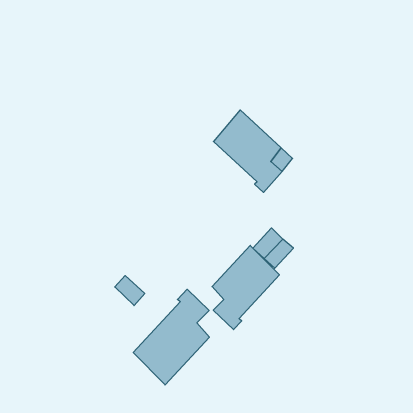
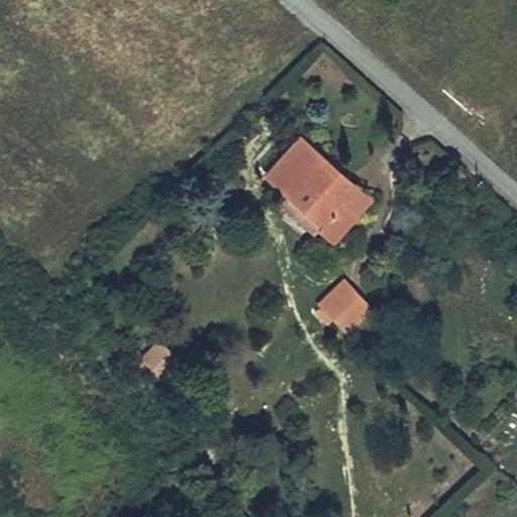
building: [212,245,279,330] -> none
building: [133,289,209,385] -> none

